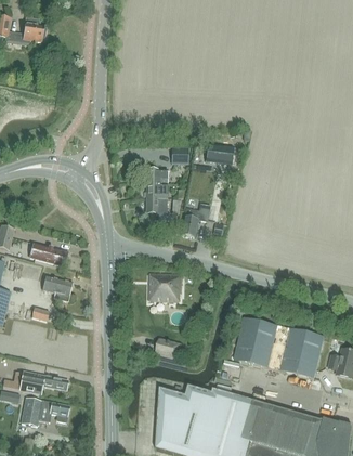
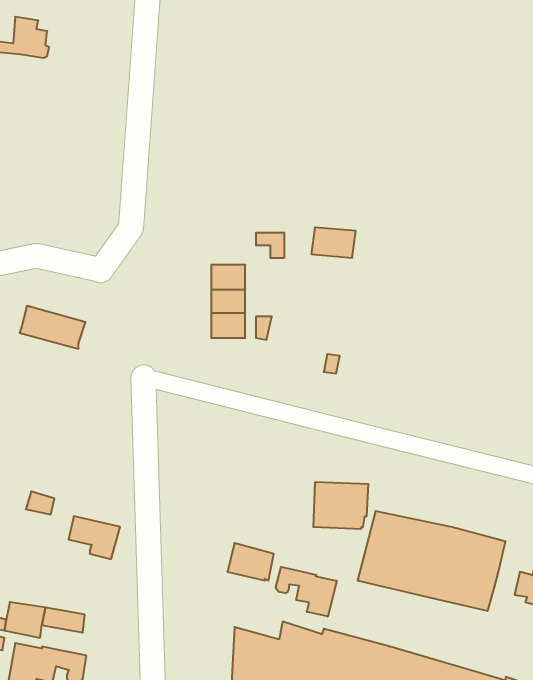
building: [181,203,209,237] -> none
building: [29,242,69,268] -> [20,306,86,349]
building: [149,273,183,301] -> [313,482,368,529]
building: [42,275,74,301] -> [68,516,120,559]
building: none -> [276,567,337,617]

